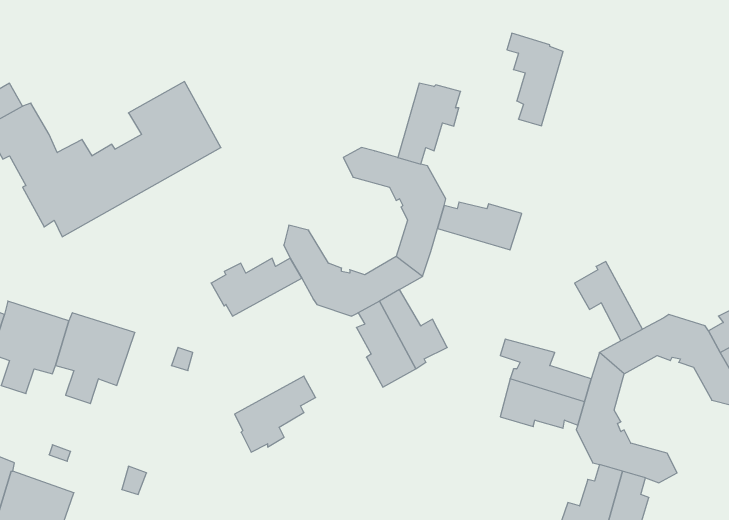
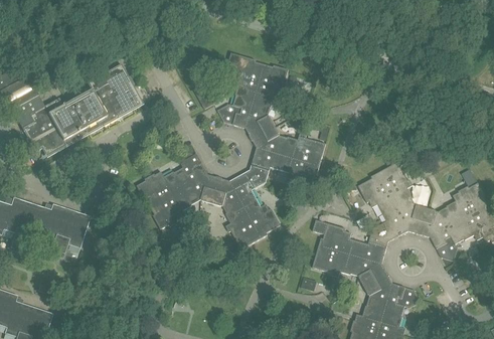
building: [507,33,563,126] -> [228,52,263,109]
building: none -> [270,152,318,186]
building: none -> [376,161,411,213]
building: [235,376,316,452] -> [149,182,198,228]

